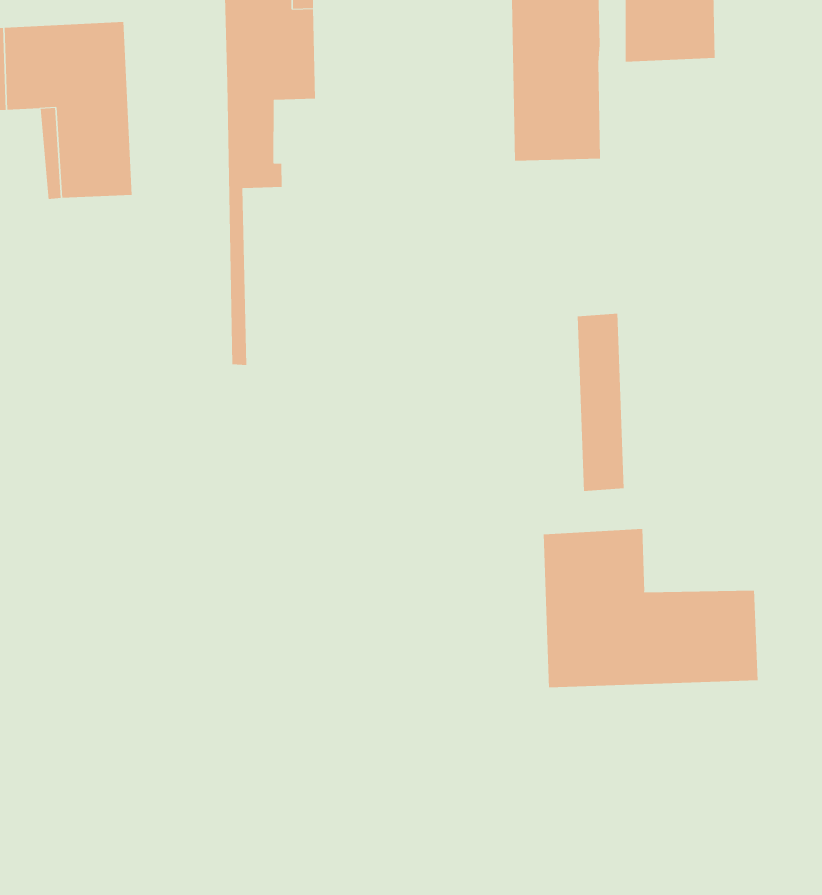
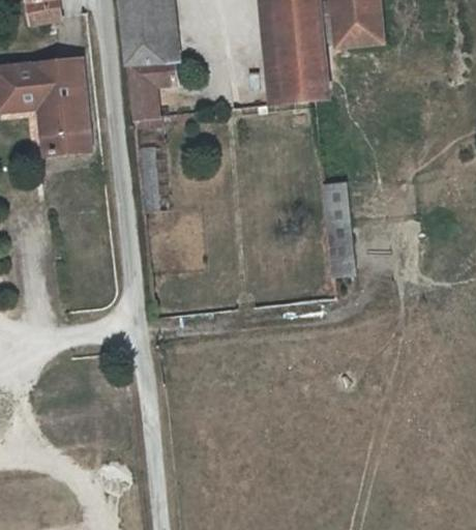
building: [543,528,758,688] -> none

